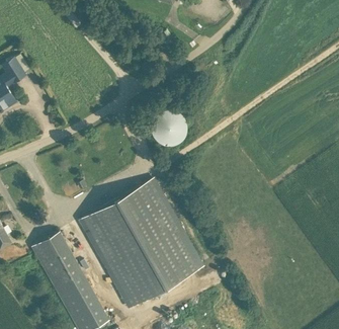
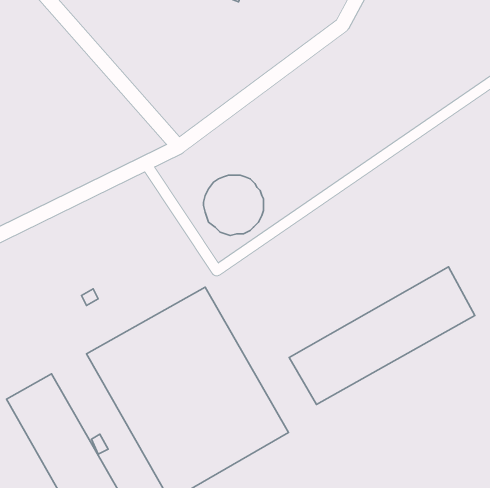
building: none -> [289,267,475,404]

